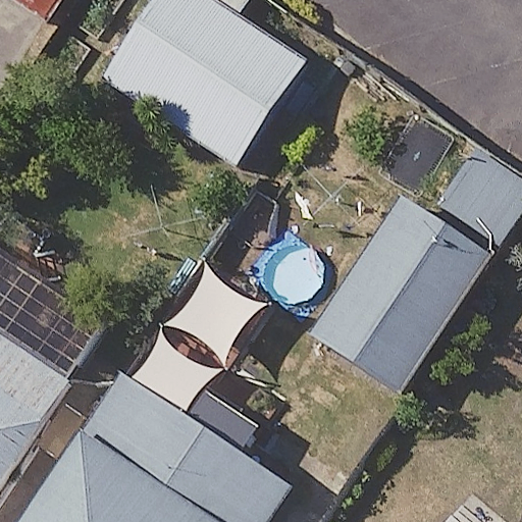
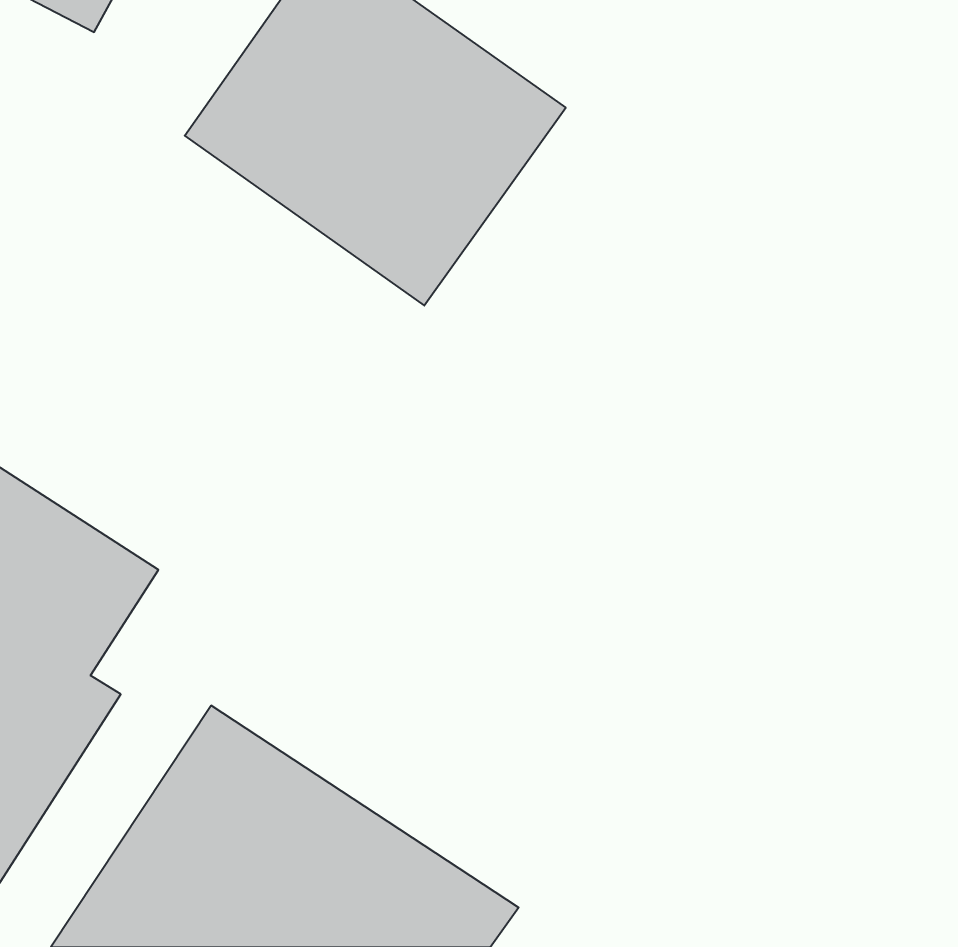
building: [312,205,483,392] -> none

